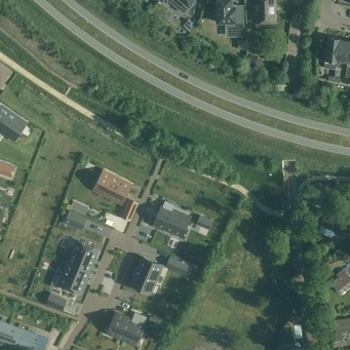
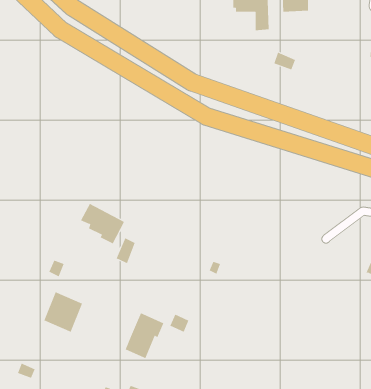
building: [153,201,189,234] -> none
building: [57,263,88,295] -> none

